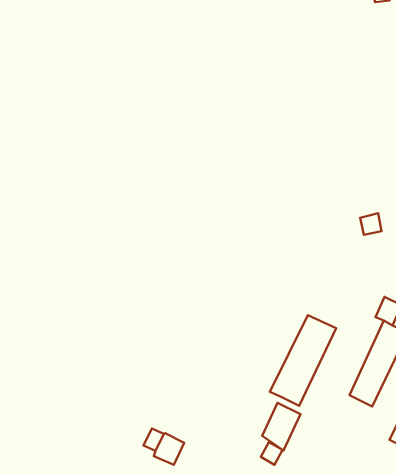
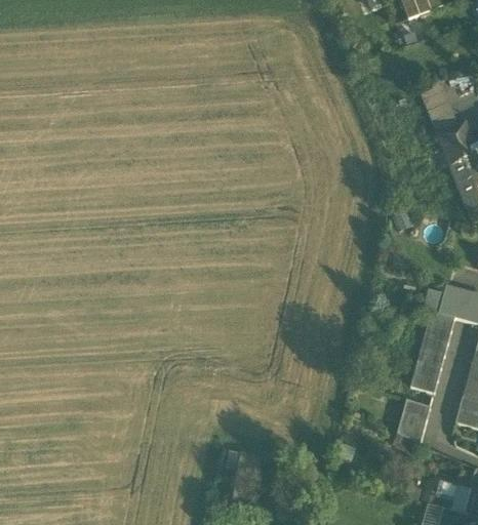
building: [270,315,336,406] -> none
building: [262,403,300,450] -> [397,397,430,441]

